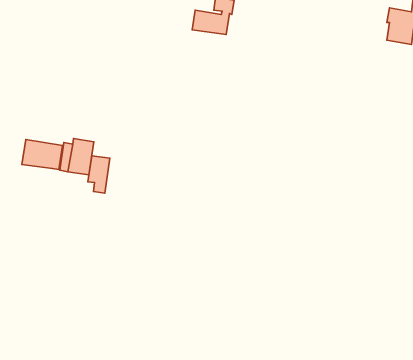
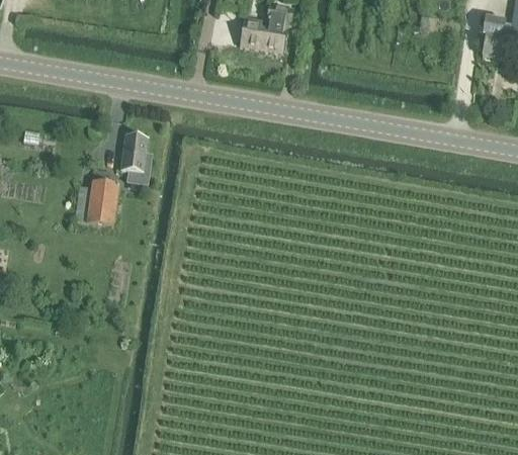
building: [22,140,62,169] -> none
building: [88,156,110,193] -> [120,133,148,180]

